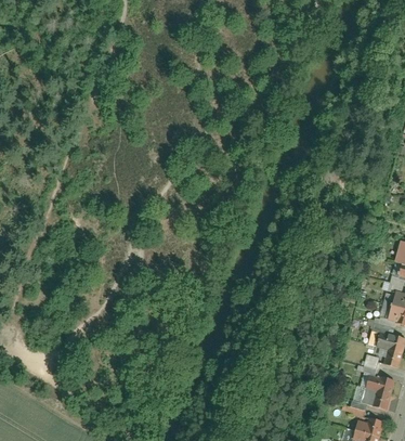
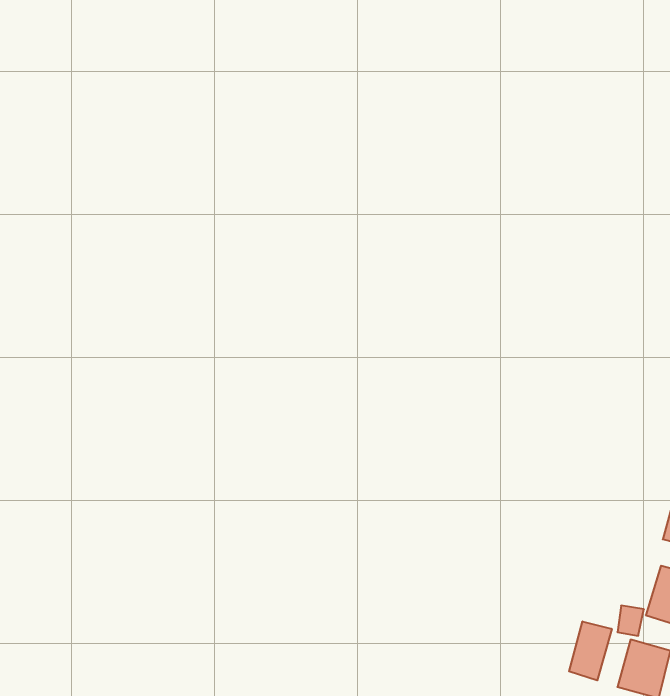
building: none -> [569,621,612,680]

